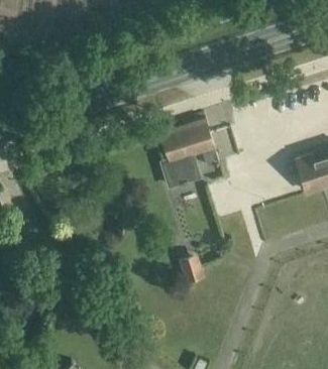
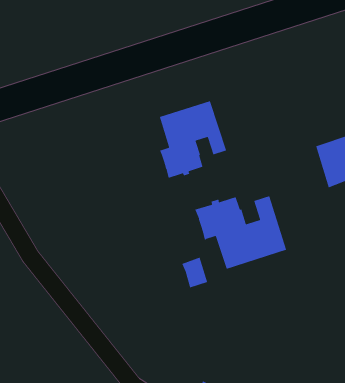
building: none -> [194,195,287,270]

